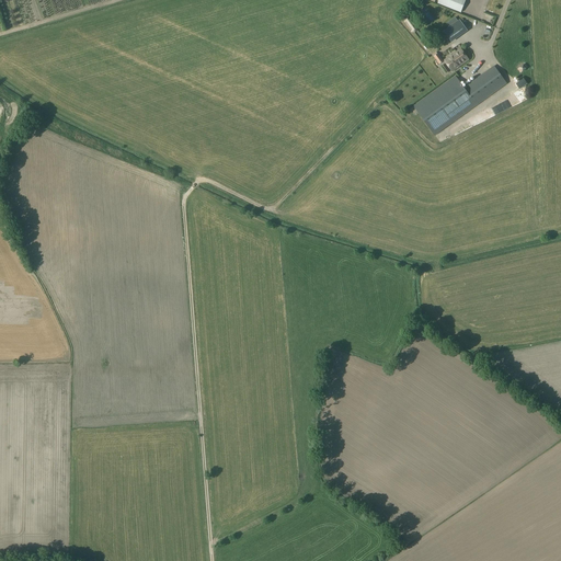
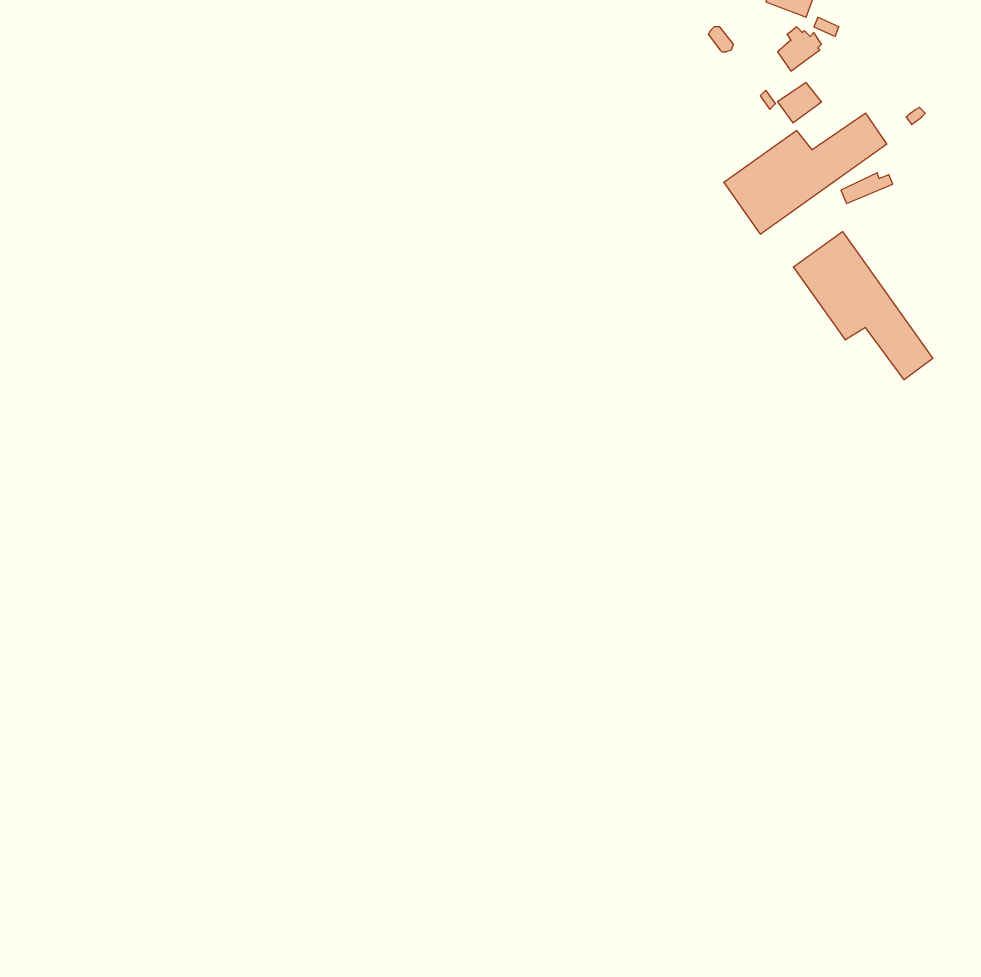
building: none -> [793,232,933,380]

